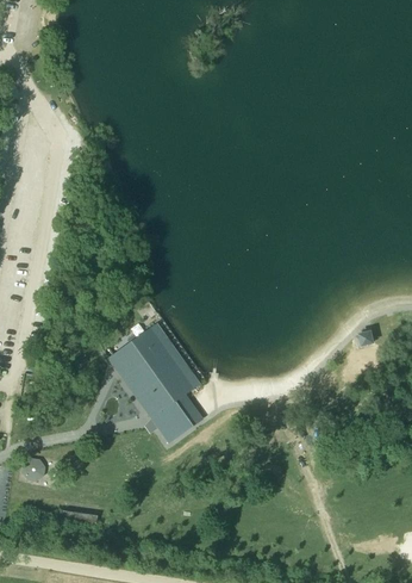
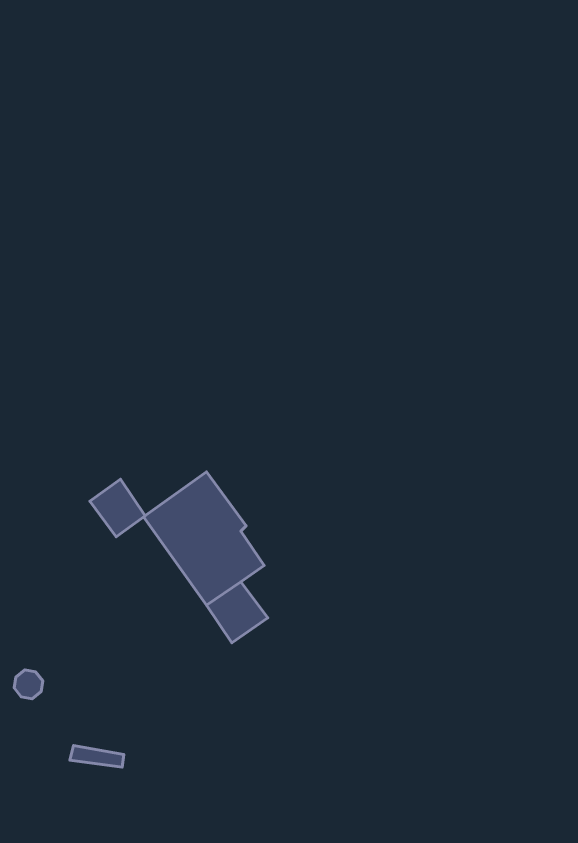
building: none -> [90,479,145,537]

